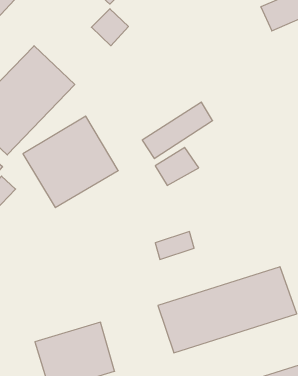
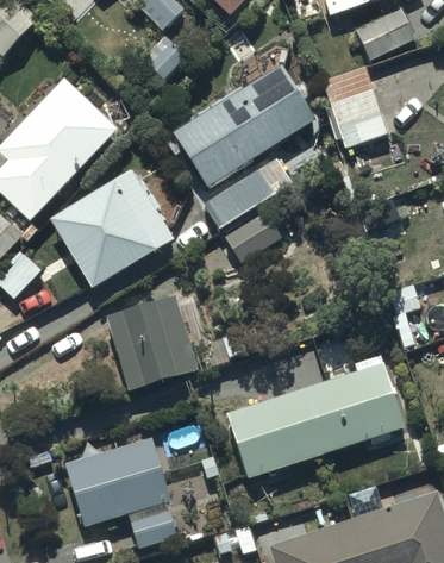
building: none -> [169,64,317,190]
building: none -> [321,68,387,149]
building: none -> [107,298,198,390]

